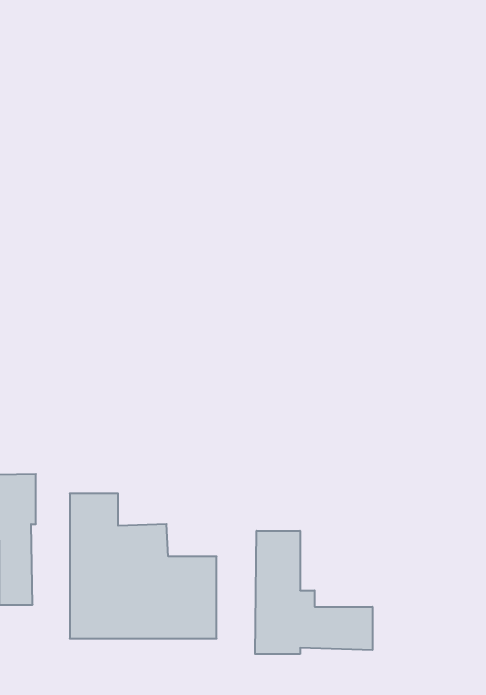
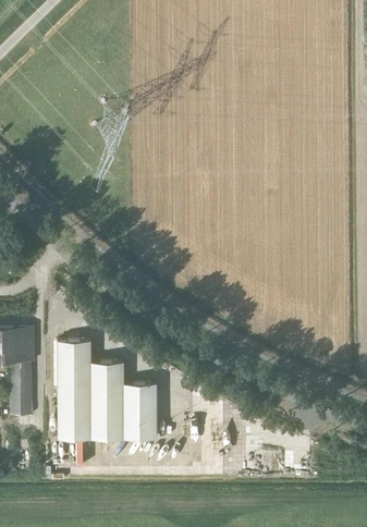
building: [255,531,372,654] -> none

